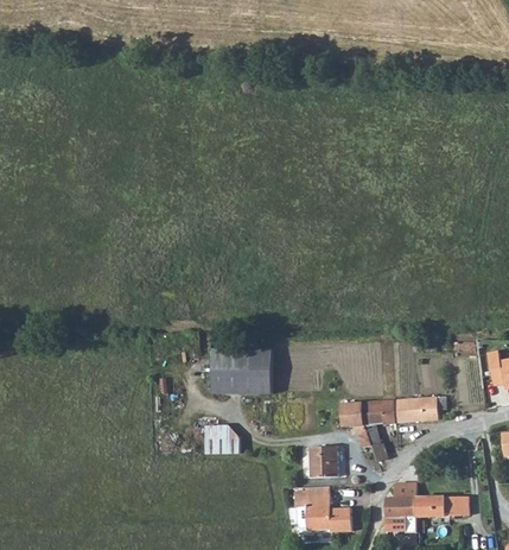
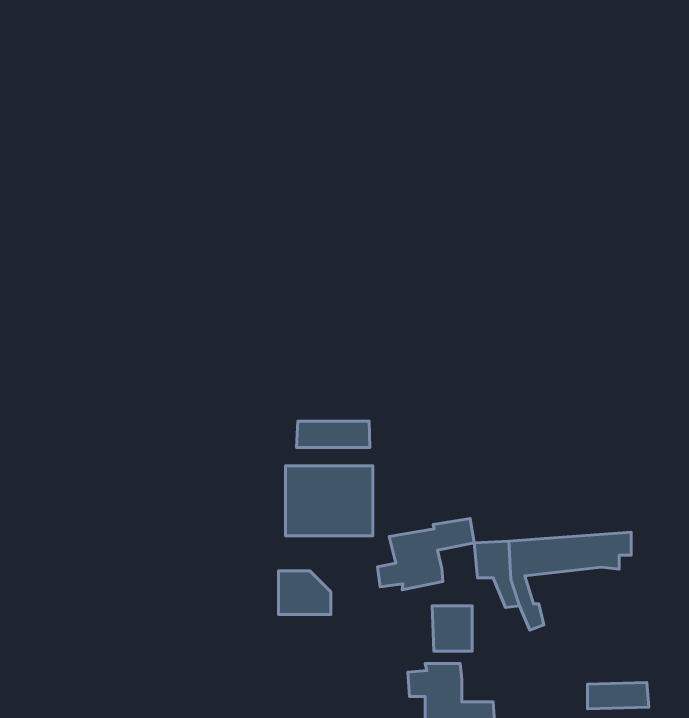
building: none -> [297,421,370,447]
building: none -> [377,519,474,590]
building: [384,486,416,516] -> none

